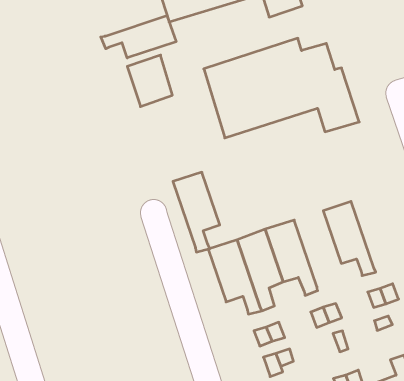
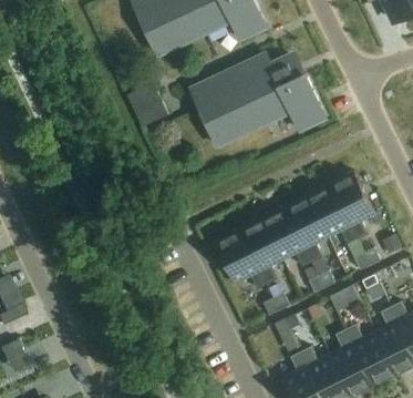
building: [101,16,176,58] -> none
building: [173,172,220,252] -> [283,194,328,262]
building: none -> [329,171,373,239]

